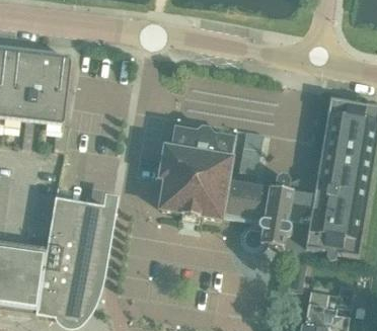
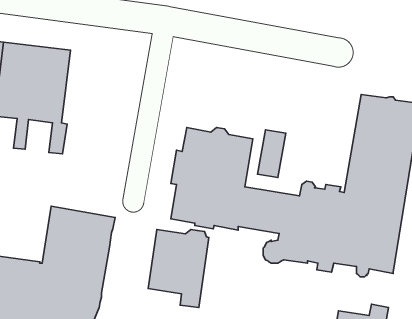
building: none -> [148,230,209,307]

